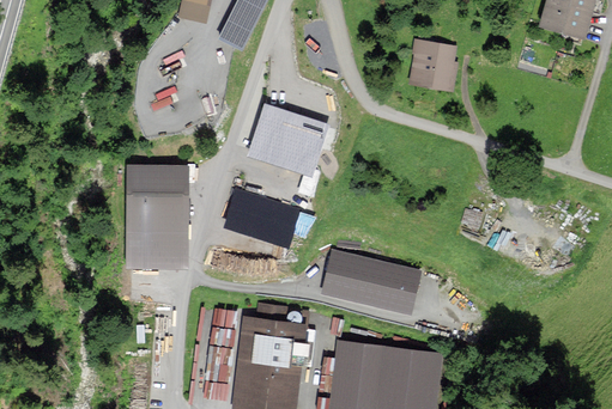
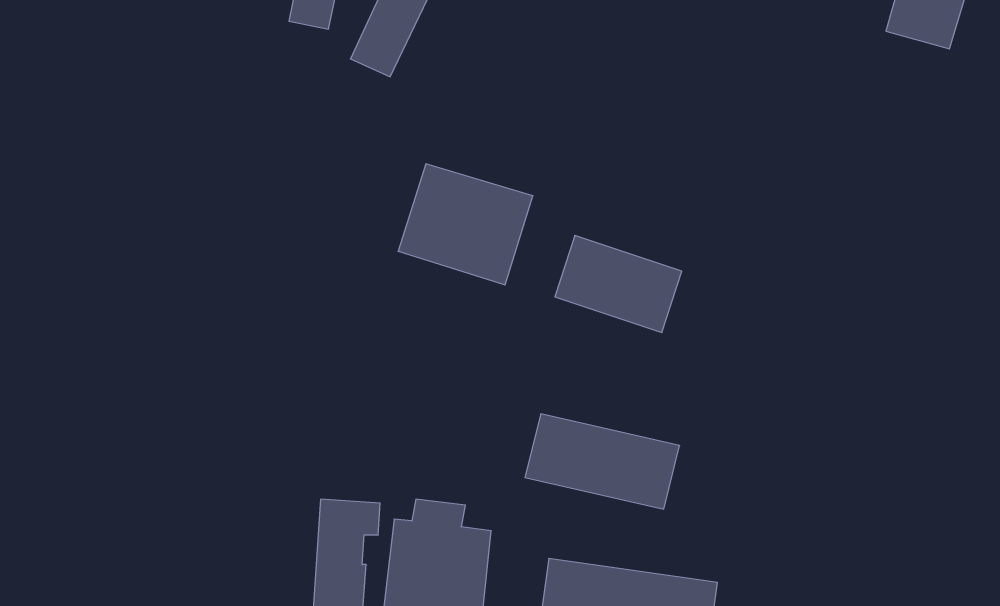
building: [412,44,454,86] -> none
building: [128,166,186,265] -> none
building: [224,189,301,248] -> [555,235,682,333]

